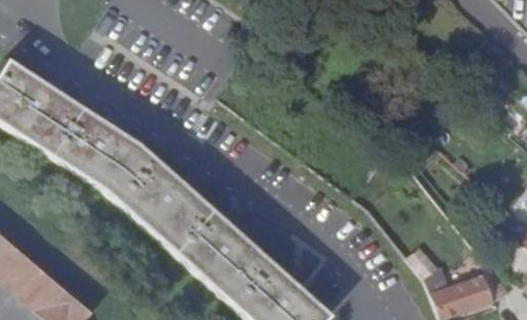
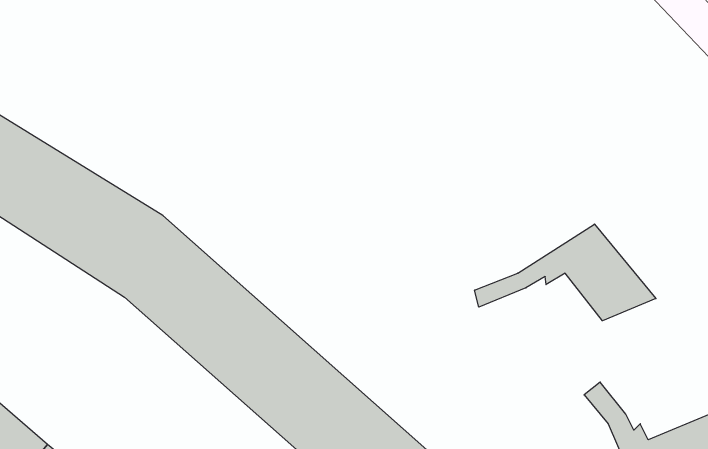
building: none -> [475,224,656,321]

